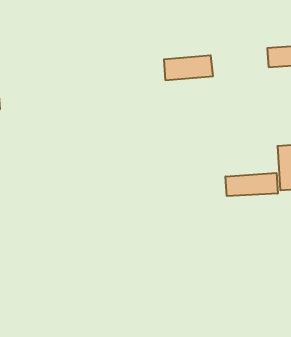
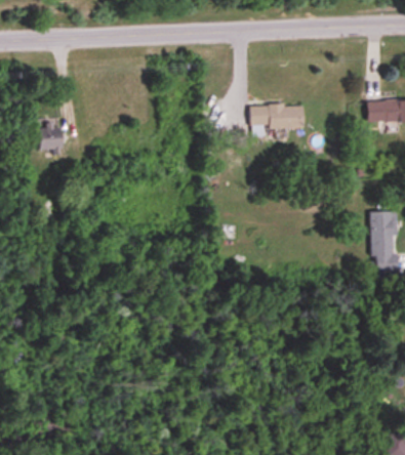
building: [226,173,278,196] -> none

